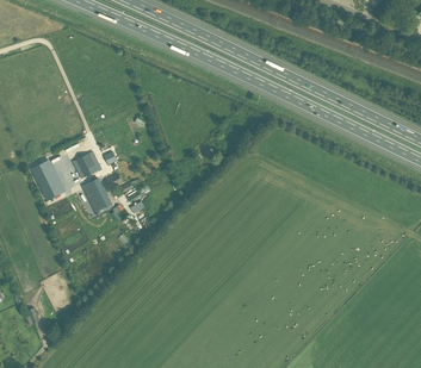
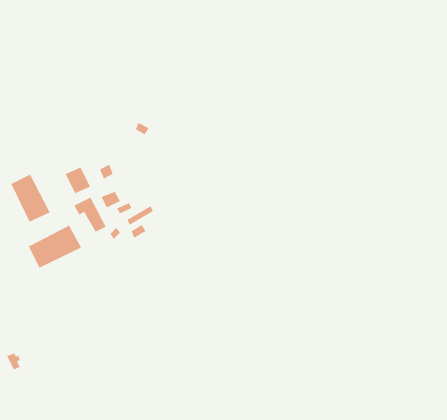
building: none -> [28,225,82,268]

